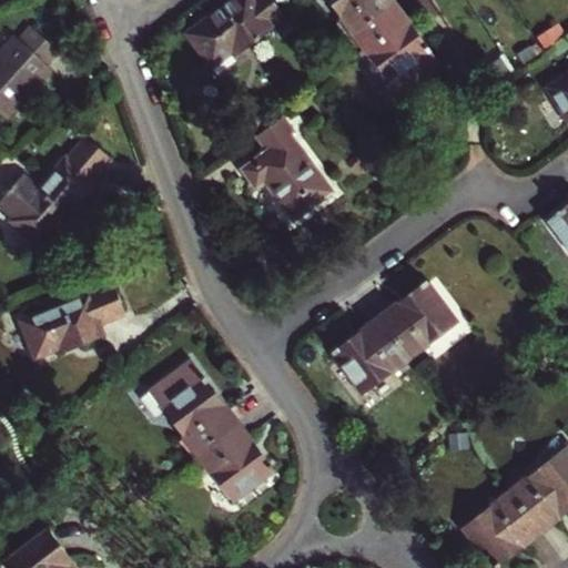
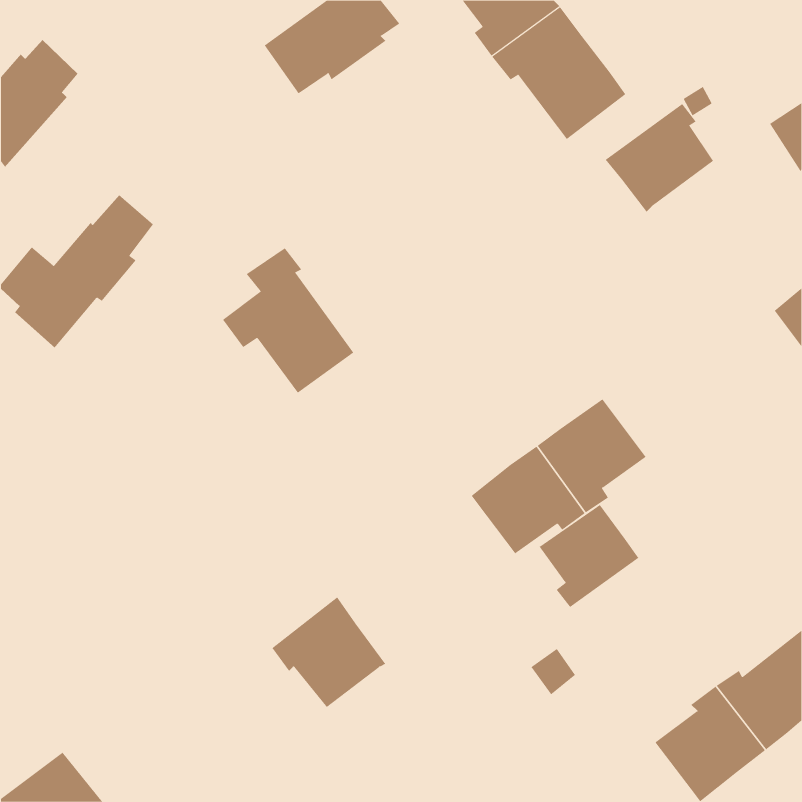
building: none -> [605,103,714,212]
building: [240,116,333,220] -> [222,248,354,393]
building: [19,282,125,356] -> none
building: none -> [539,504,639,608]
building: [148,358,239,458] -> none

